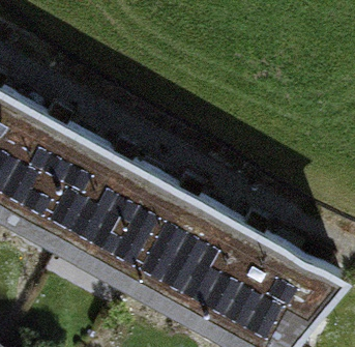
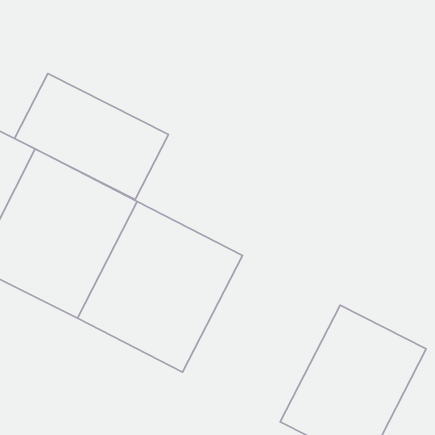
building: none -> [14,73,169,200]
building: [158,197,270,315] -> none

